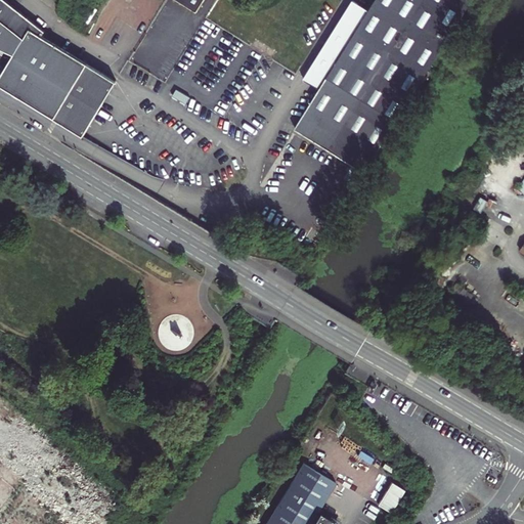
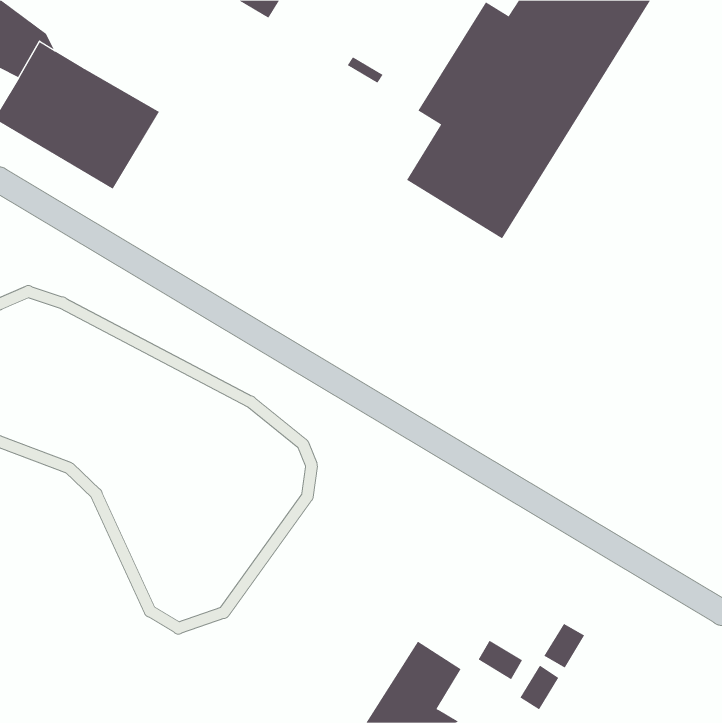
building: none -> [543,623,585,668]
building: none -> [478,640,523,680]

